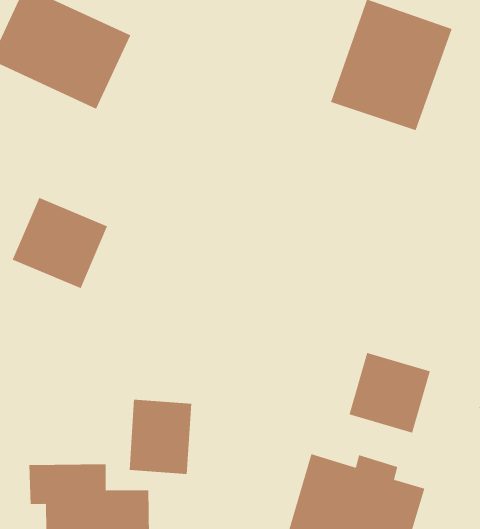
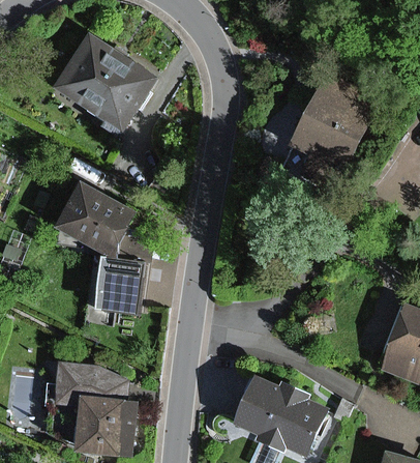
building: [349,352,431,433] -> none
building: [129,399,192,474] -> [93,260,141,315]

